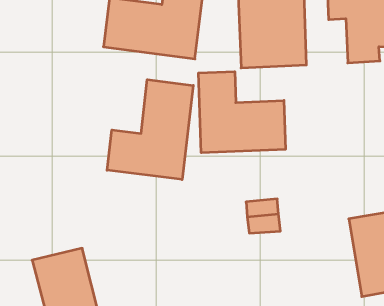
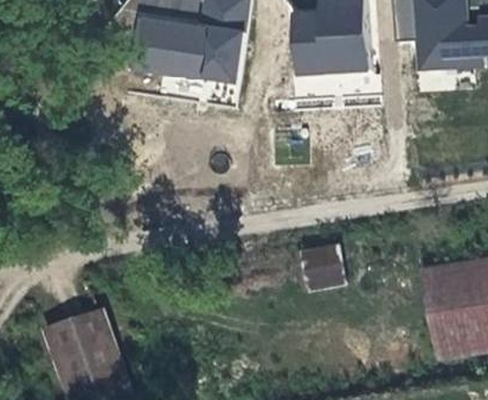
building: [199,72,285,153] -> none
building: [107,80,193,180] -> none

